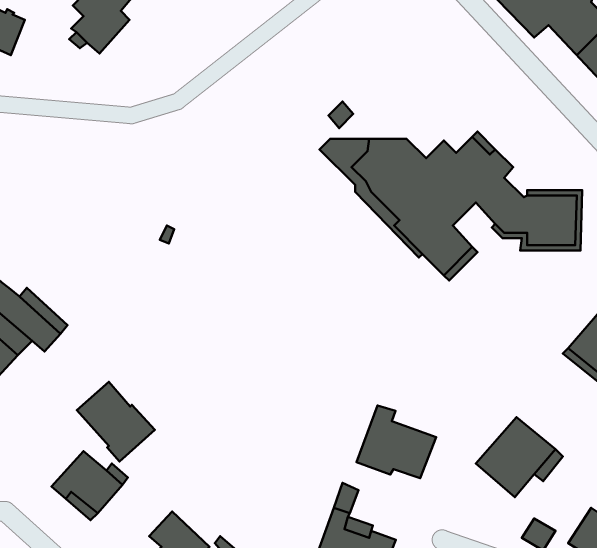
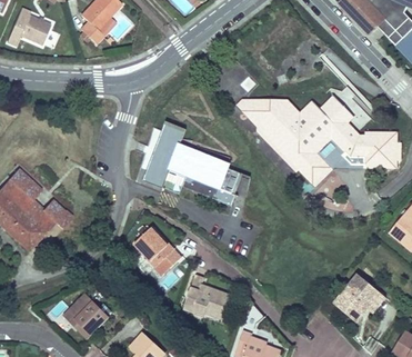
building: none -> [142,119,242,206]
building: [77,382,155,462] -> [134,226,183,276]
building: [356,405,436,478] -> [183,274,233,319]

